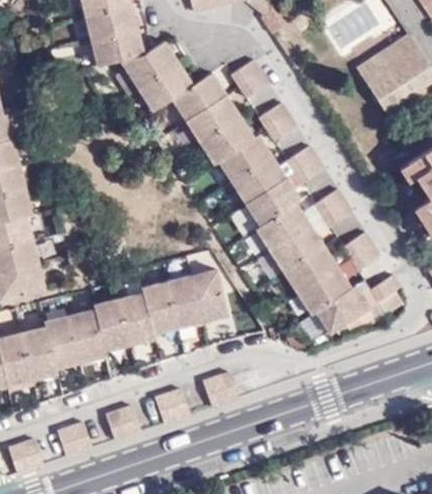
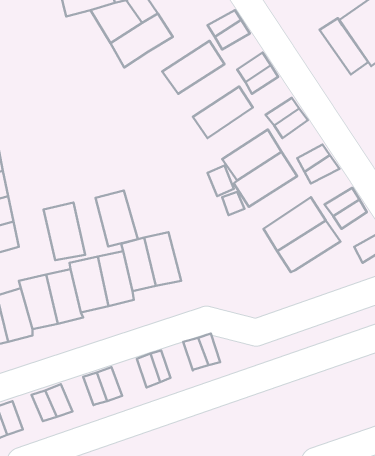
building: none -> [319,18,368,75]
building: [172,70,231,119] -> none
building: [200,112,259,163] -> none
building: [229,154,287,204] -> none
building: [268,220,328,271] -> none
building: none -> [44,203,85,260]
building: [191,267,232,321] -> [95,191,138,247]
building: [313,283,372,333] -> none

